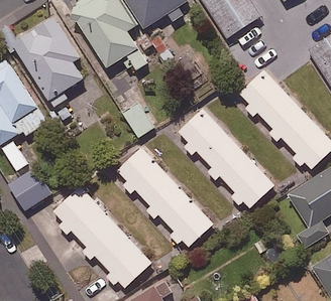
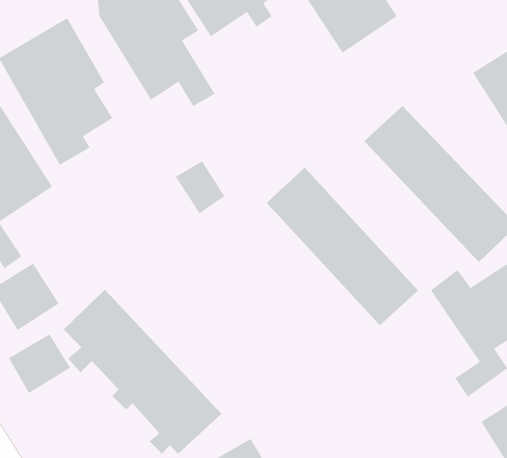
building: [117,147,213,246] -> none
building: none -> [8,334,71,394]

